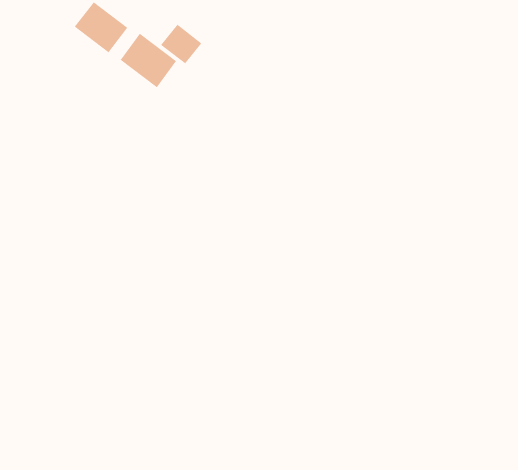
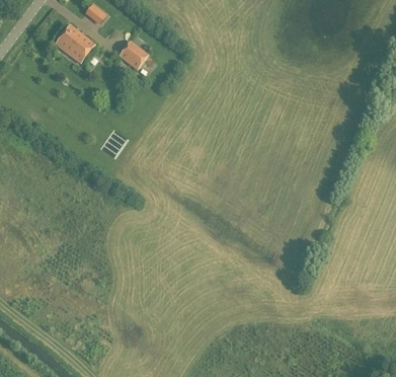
building: [120,33,177,88] -> none

